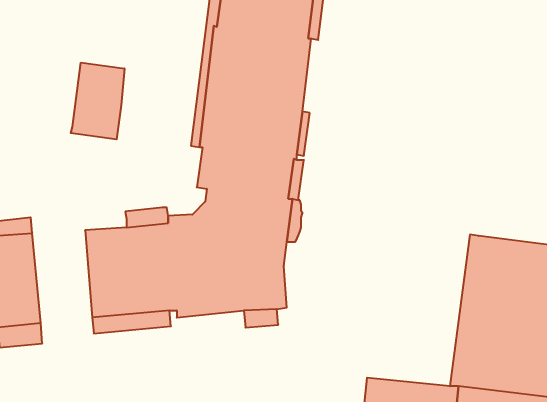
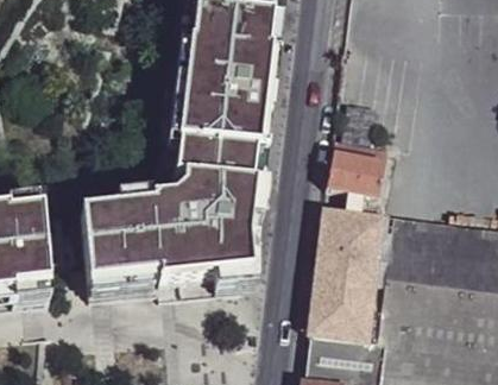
building: [71,63,124,139] -> none
building: none -> [330,134,398,196]
building: none -> [313,209,398,341]

